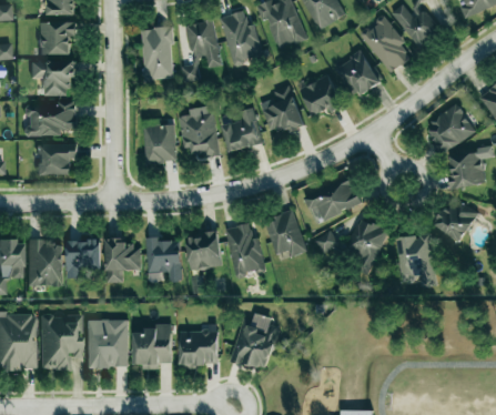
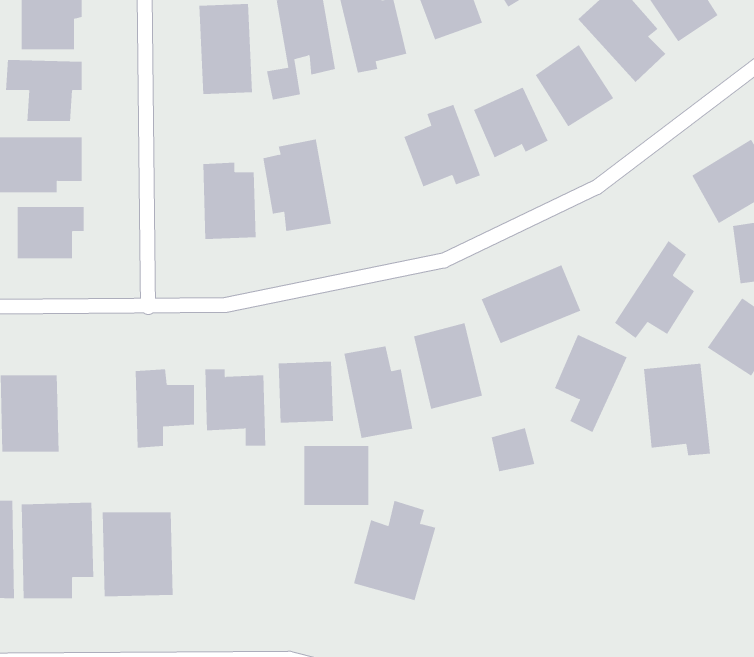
building: [221,108,262,152] -> none
building: none -> [614,240,695,339]
building: [315,231,341,256] -> [491,427,535,472]
building: [67,240,101,279] -> none
building: [133,327,172,370] -> none
building: [180,331,217,365] -> [303,446,369,505]

